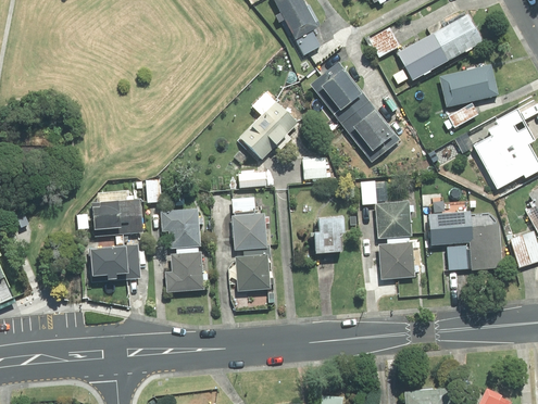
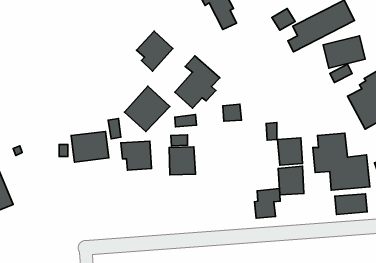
building: none -> [137,31,173,71]
building: [310,62,399,162] -> none
building: none -> [124,86,170,132]
building: [309,215,343,255] -> [255,188,280,218]
building: [93,242,146,279] -> none
building: [170,248,209,289] -> none
building: [234,253,267,292] -> none
building: none -> [335,194,367,215]

